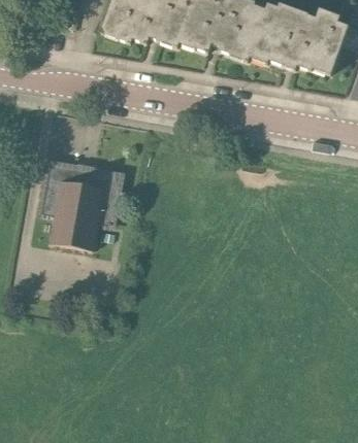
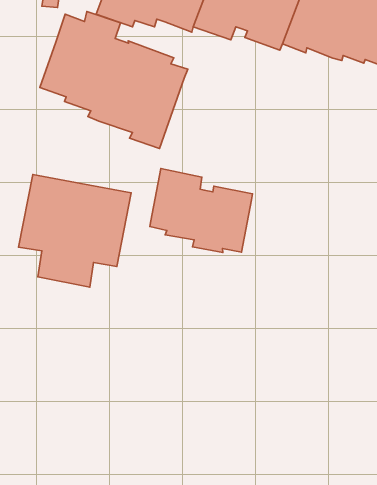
building: none -> [40,12,188,148]
building: none -> [150,168,253,253]

